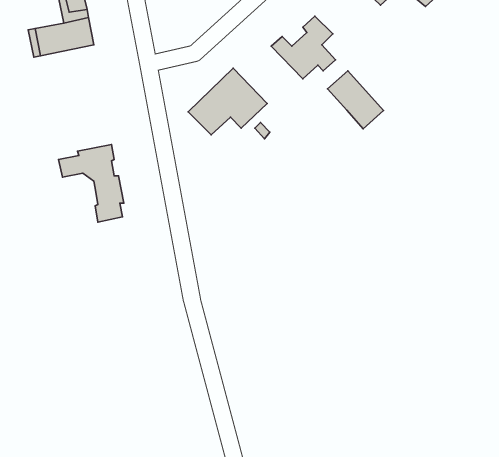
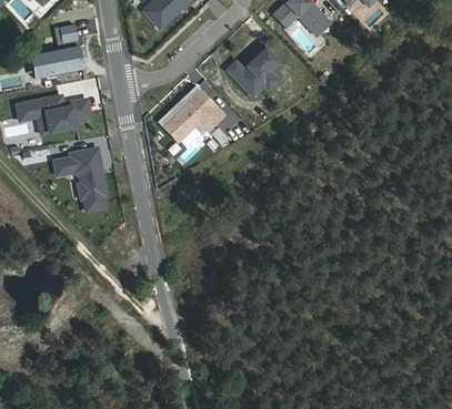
building: [328,71,383,129] -> none
building: none -> [17,96,90,134]

